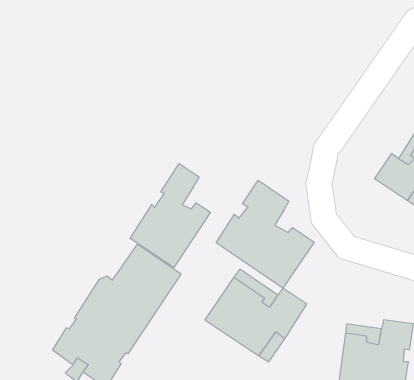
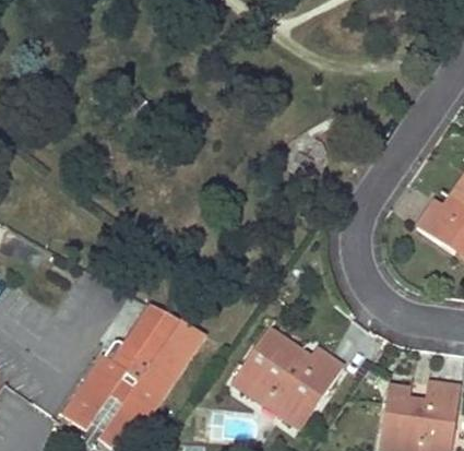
building: [130,164,210,267] -> none
building: [216,180,314,288] -> none

